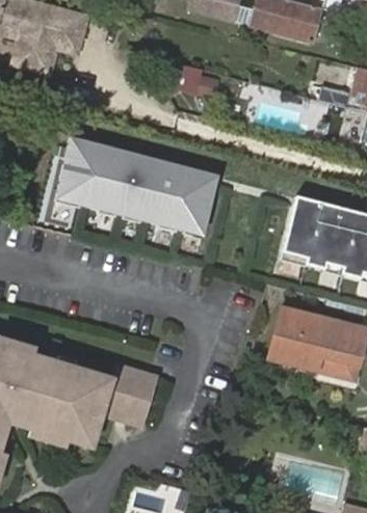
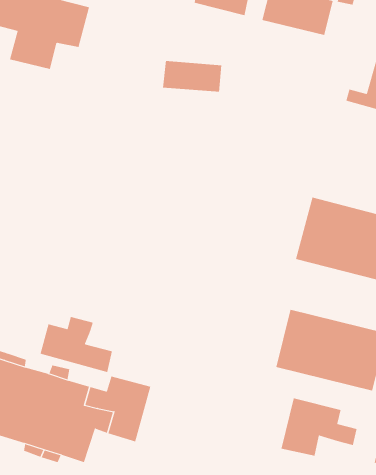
building: [57,137,220,234] -> none
building: none -> [40,316,113,373]
building: none -> [281,398,357,457]

